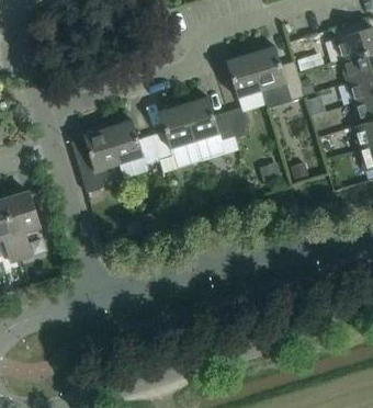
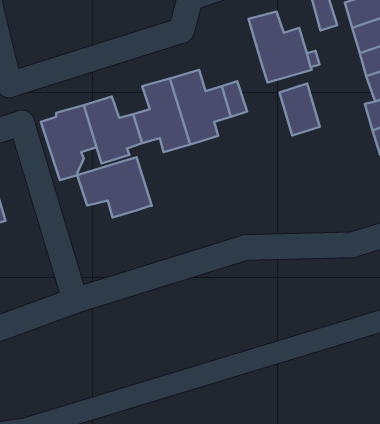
building: [226,53,261,98] -> [279,84,320,136]
building: none -> [77,157,152,218]

